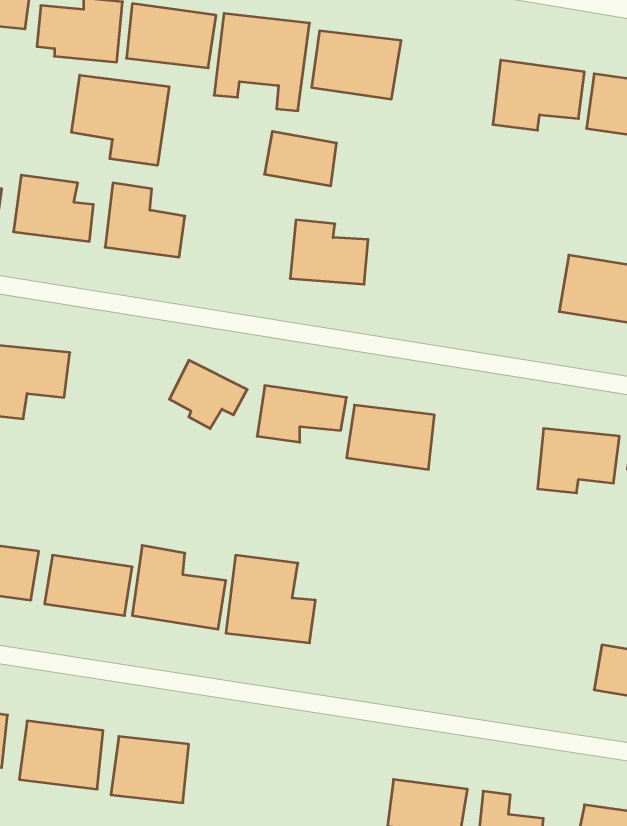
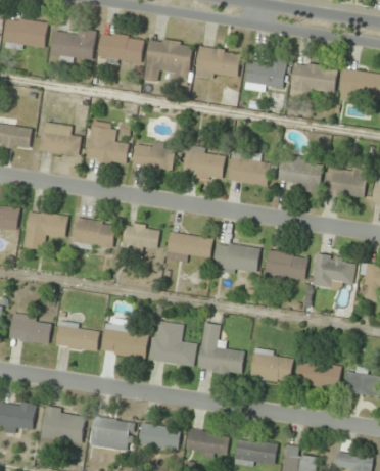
building: none -> [247,60,287,90]
building: [71,75,169,165] -> none
building: [264,131,337,186] -> [133,141,171,170]
building: none -> [229,151,271,185]
building: none -> [279,157,323,188]
building: none -> [74,219,115,250]
building: none -> [266,250,308,283]
building: none -> [198,323,245,375]
building: none -> [250,348,293,383]
building: none -> [296,361,341,389]
building: none -> [139,423,181,450]
building: none -> [185,428,229,458]

